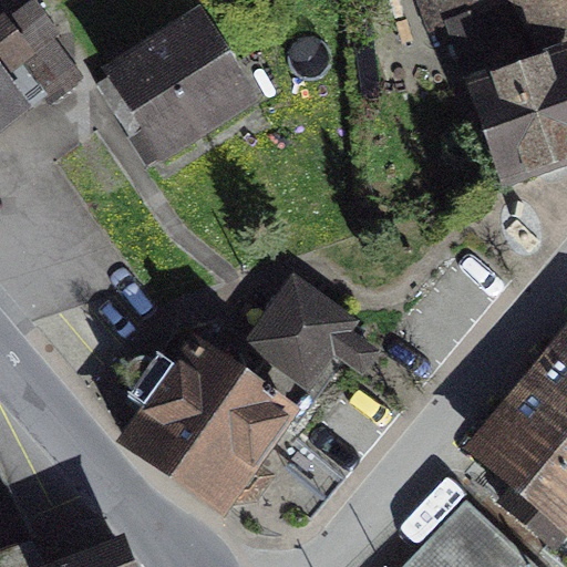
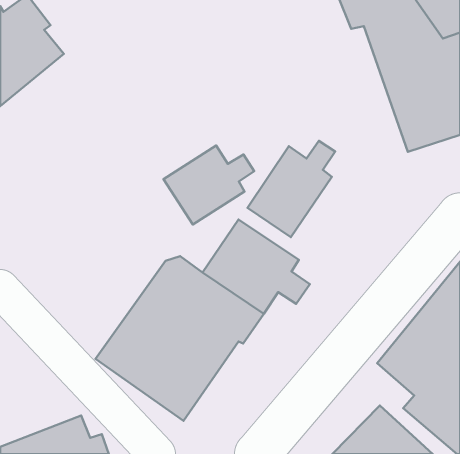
building: [105,6,262,164] -> none
building: none -> [247,141,335,237]
building: none -> [164,146,254,224]

